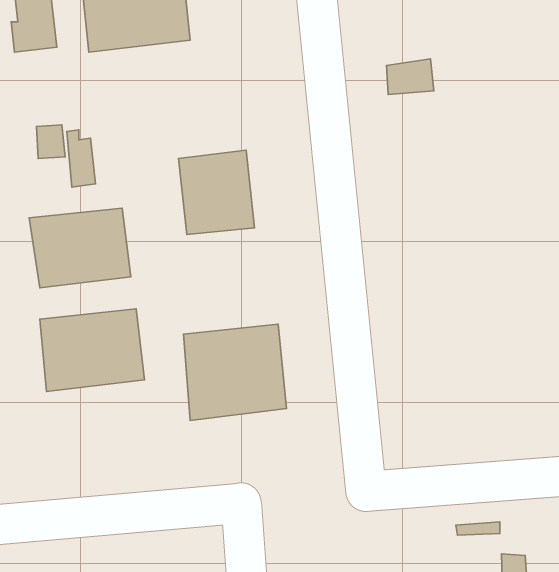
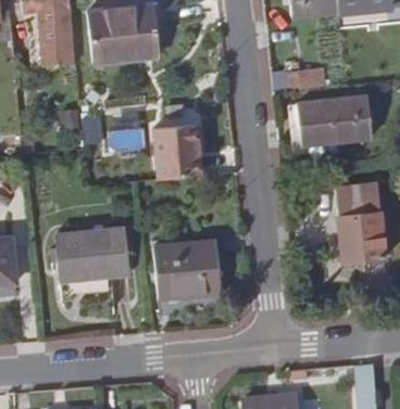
building: none -> [296,93,371,143]
building: [29,208,131,288] -> none
building: none -> [334,182,384,264]

